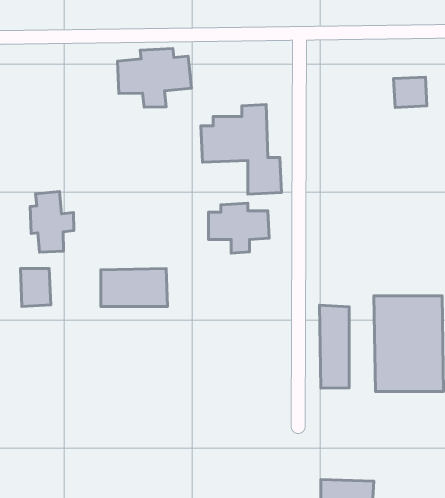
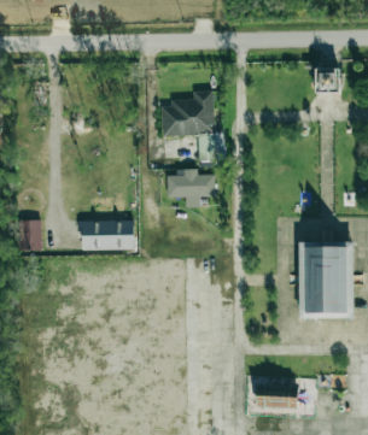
building: [117,49,192,107] -> none
building: [30,191,74,252] -> none
building: [319,305,349,388] -> none

